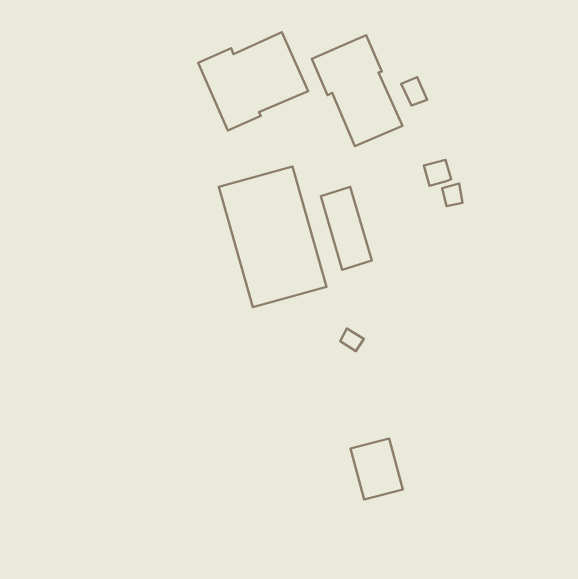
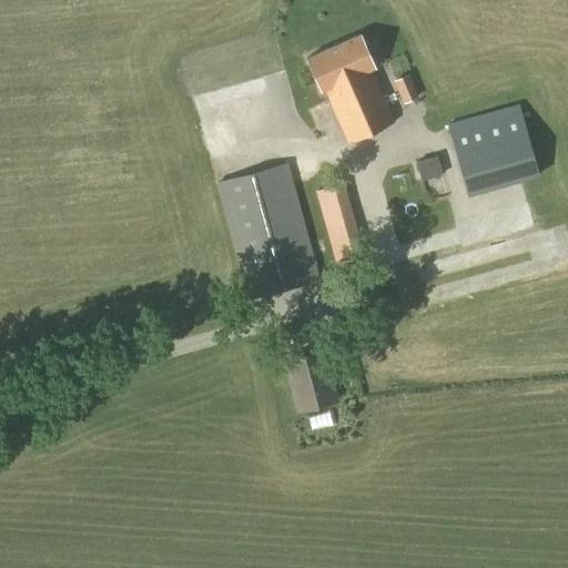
building: [198,32,308,131] -> none
building: none -> [448,104,540,196]
building: [351,438,403,500] -> [285,352,336,412]

